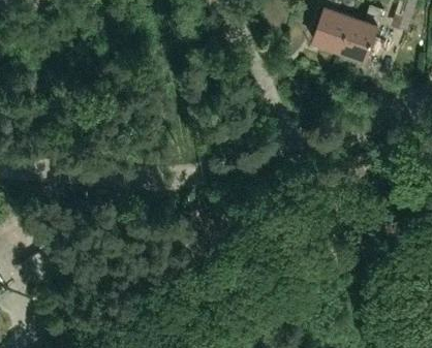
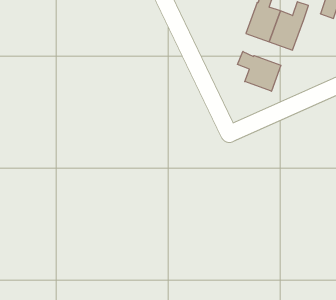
building: none -> [238,51,281,91]

